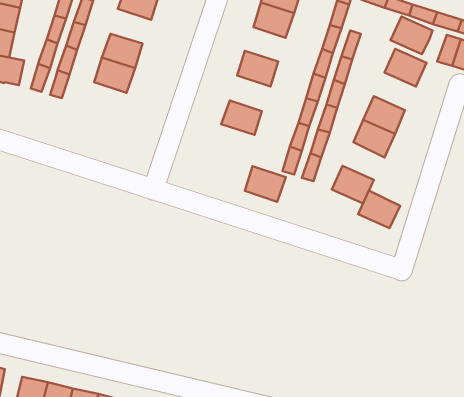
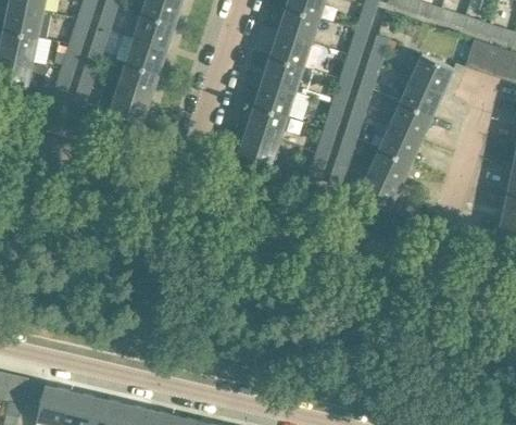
building: none -> [134,14,175,49]
building: [391,16,433,54] -> [400,78,442,116]
building: none -> [269,33,311,67]
building: none -> [254,82,295,117]
building: none -> [109,88,150,124]
building: [245,166,286,202] -> [238,130,279,166]
building: [358,191,400,228] -> [368,149,411,187]

